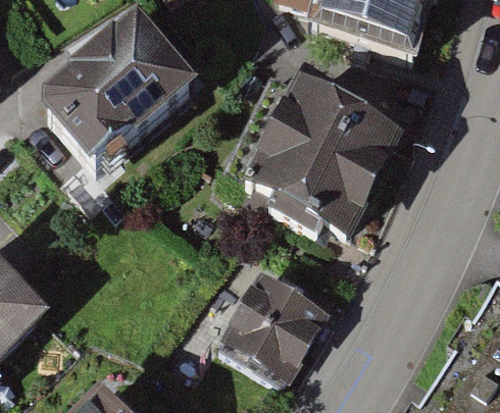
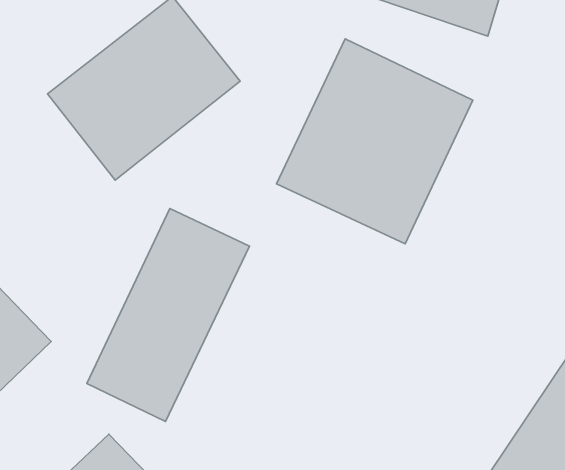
building: none -> [87,209,249,421]
building: [219,274,333,390] -> none

